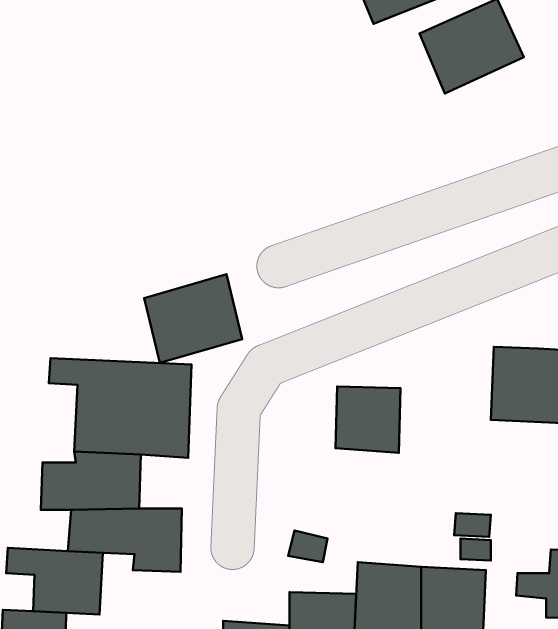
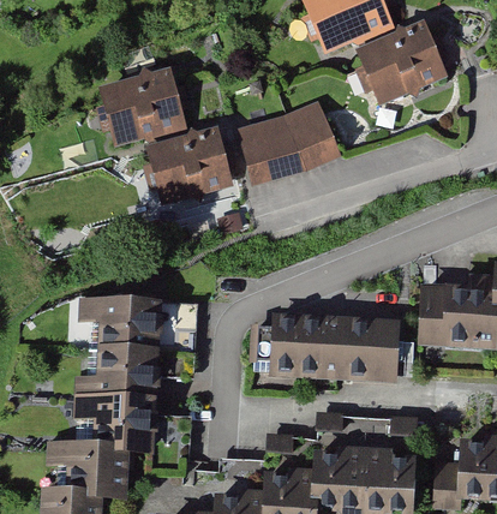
building: none -> [107,72,181,139]
building: none -> [244,115,337,174]
building: [144,274,242,363] -> [154,131,228,198]
building: none -> [253,317,301,366]
building: none -> [348,321,395,372]

